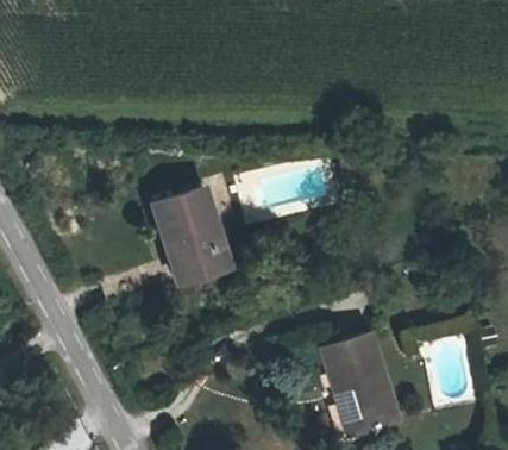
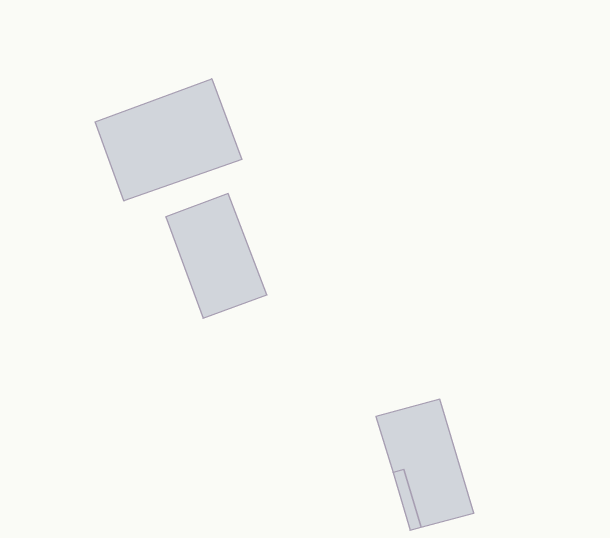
building: none -> [95,79,242,201]

